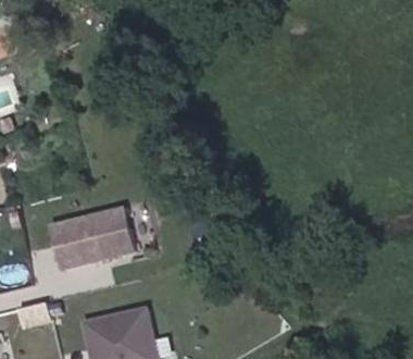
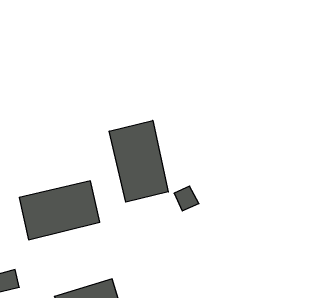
building: none -> [109,120,168,202]

